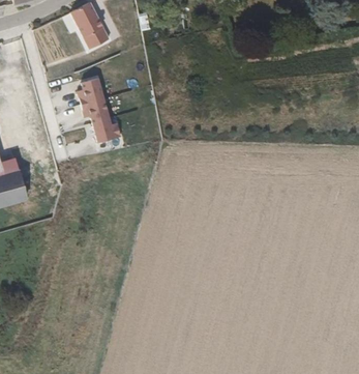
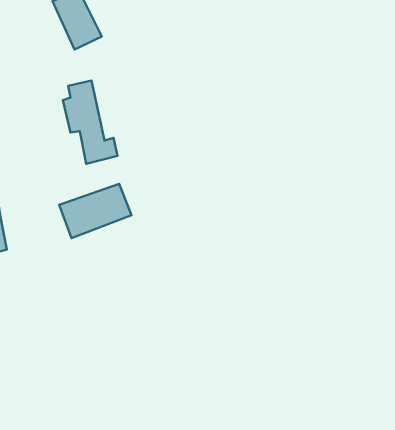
building: none -> [59,184,131,238]

